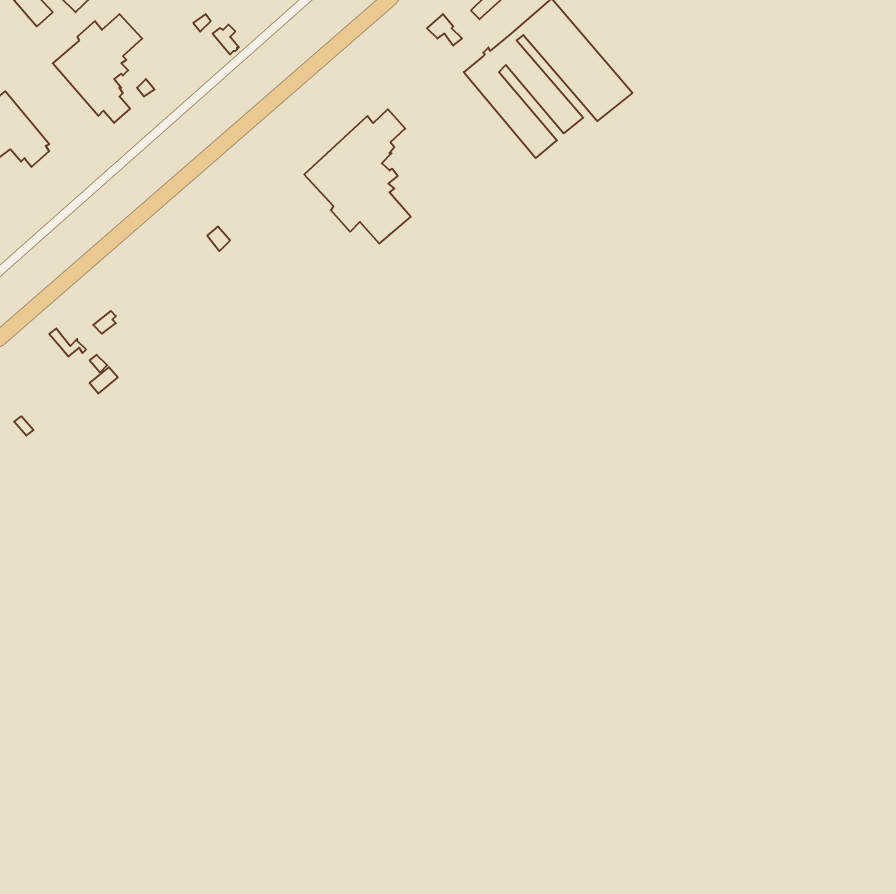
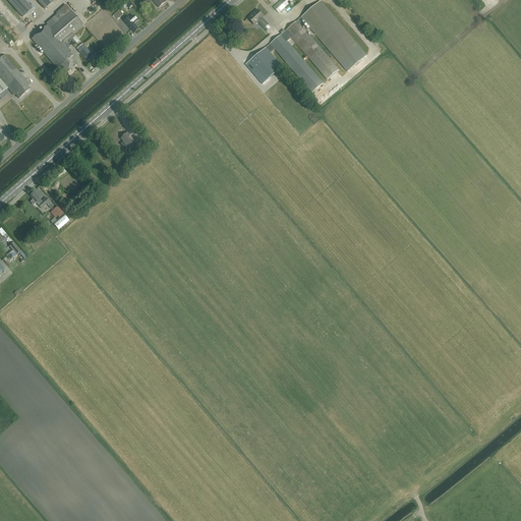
building: none -> [245,42,281,82]
building: [304,109,411,244] -> none

